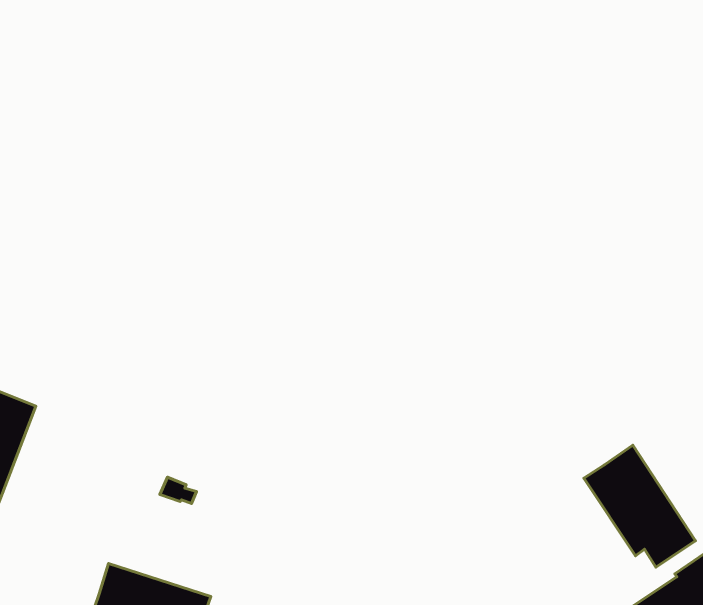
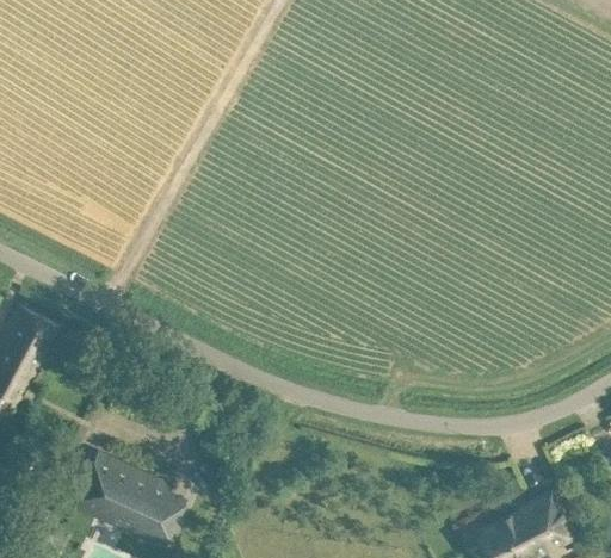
building: [584,445,696,567] -> none

